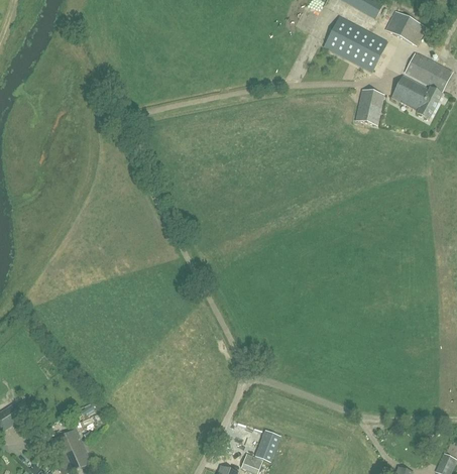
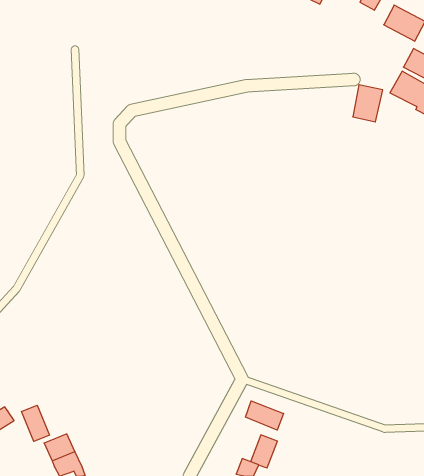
building: [322,15,387,72] -> none
building: none -> [245,401,284,430]
building: none -> [22,405,49,441]

